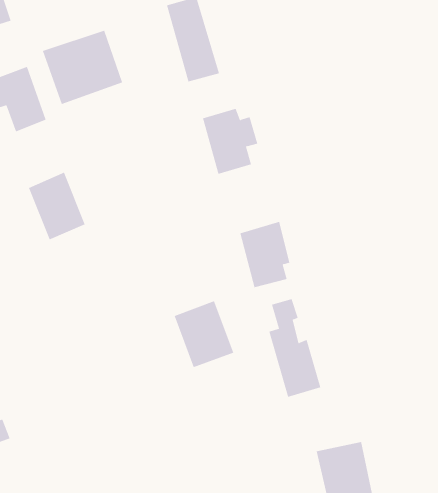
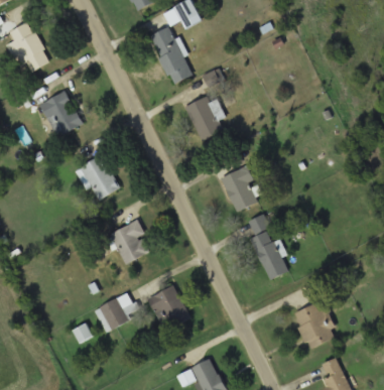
building: [42,30,123,105] -> none
building: none -> [108,221,151,265]
building: [174,301,234,368] -> [147,285,190,332]
building: none -> [94,294,130,332]

